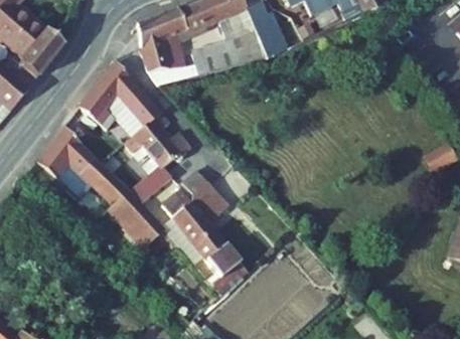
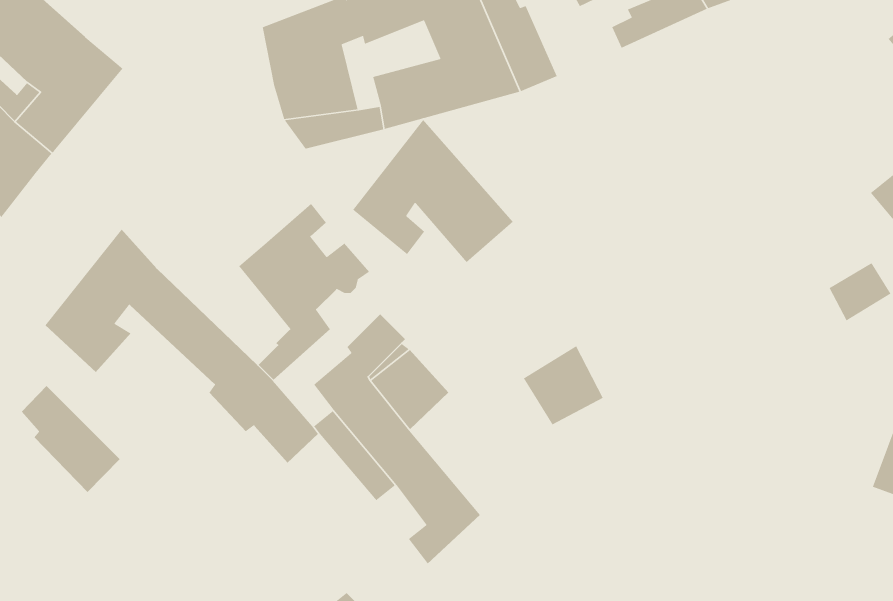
building: [78,59,160,133] -> [352,119,514,263]
building: none -> [523,345,604,425]
building: none -> [21,385,121,493]

